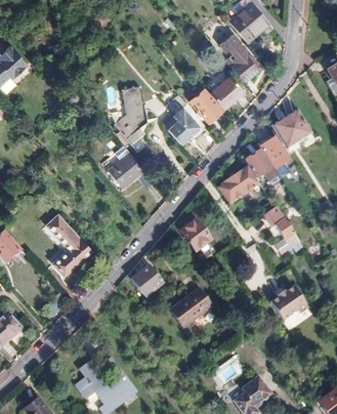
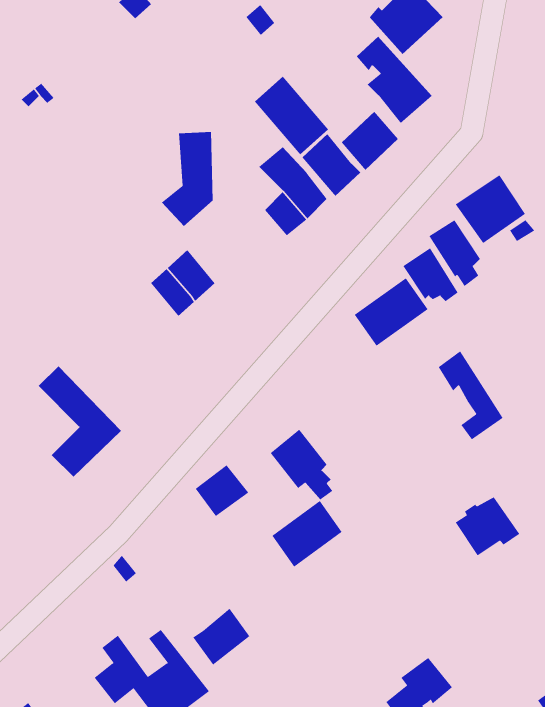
building: none -> [254,76,329,155]
building: [181,216,216,255] -> [270,429,333,500]
building: none -> [192,608,250,666]

